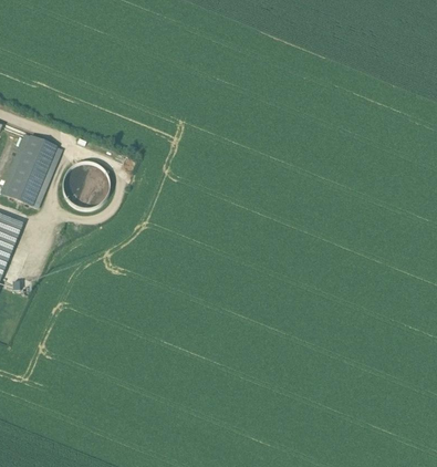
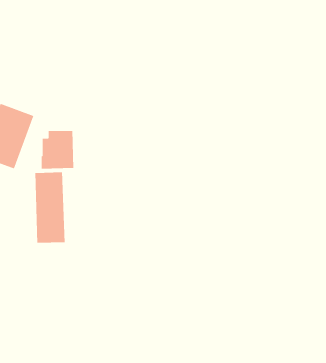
building: none -> [35,171,65,243]

